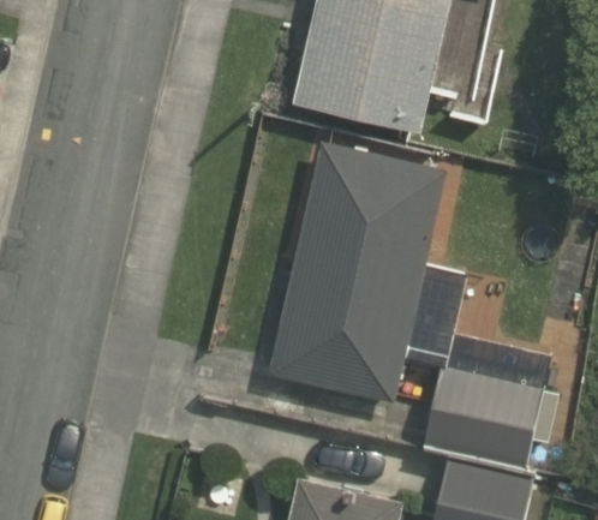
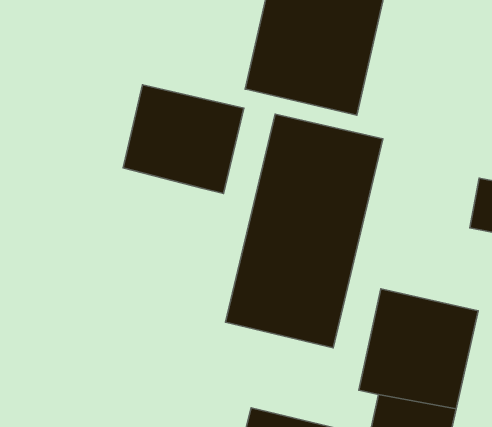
building: none -> [123,85,244,194]

